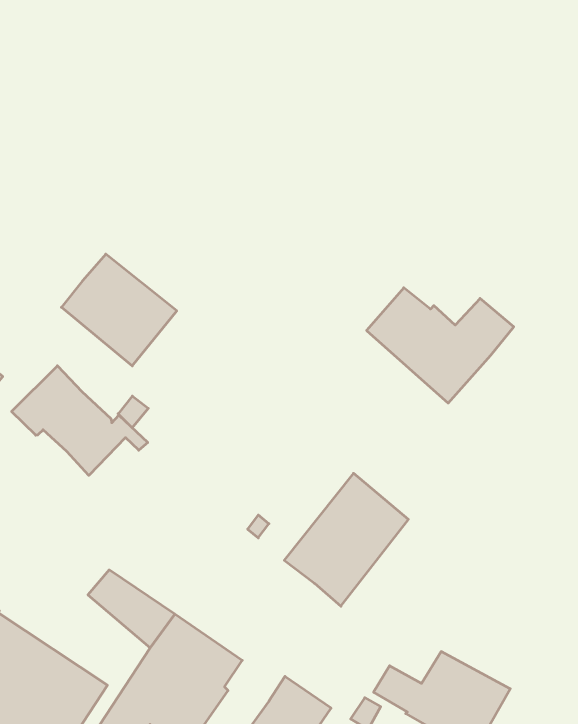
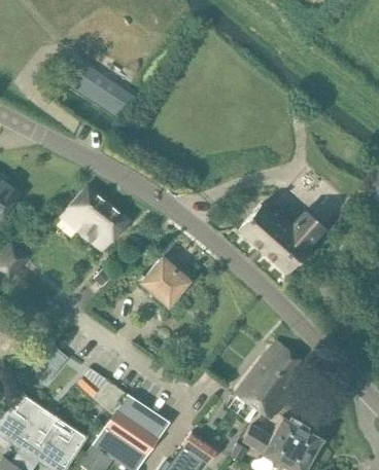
building: none -> [61,58,136,121]
building: [12,366,148,475] -> none
building: none -> [142,258,187,303]
building: [284,473,408,606] -> [237,340,309,418]

